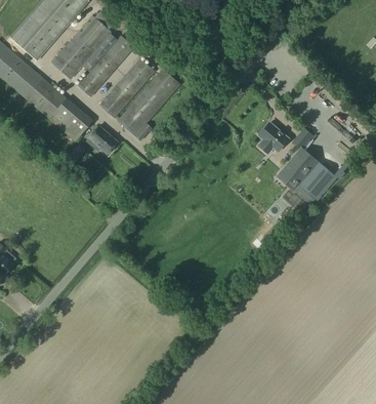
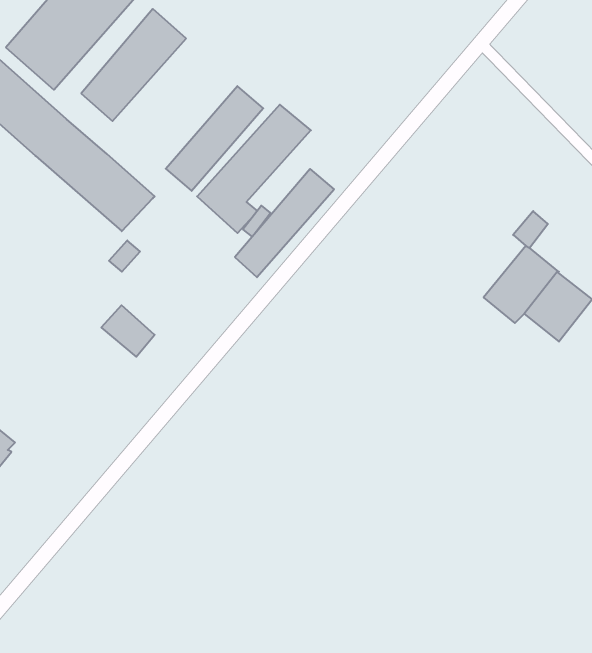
building: [78,36,133,96] -> [235,169,334,277]
building: [258,123,288,154] -> none
building: [88,125,118,154] -> [101,305,155,357]

